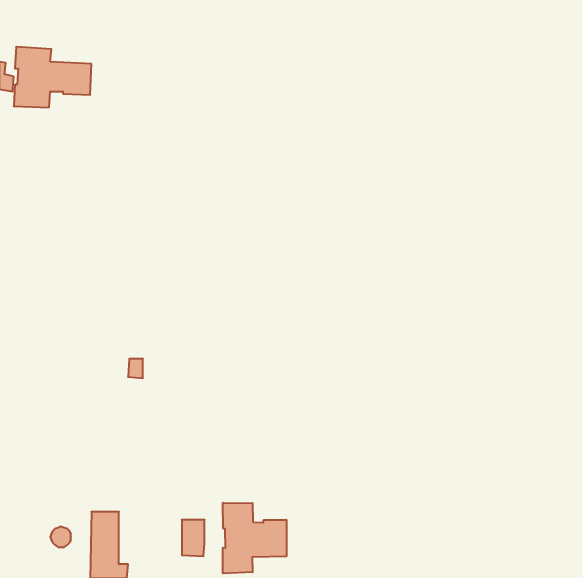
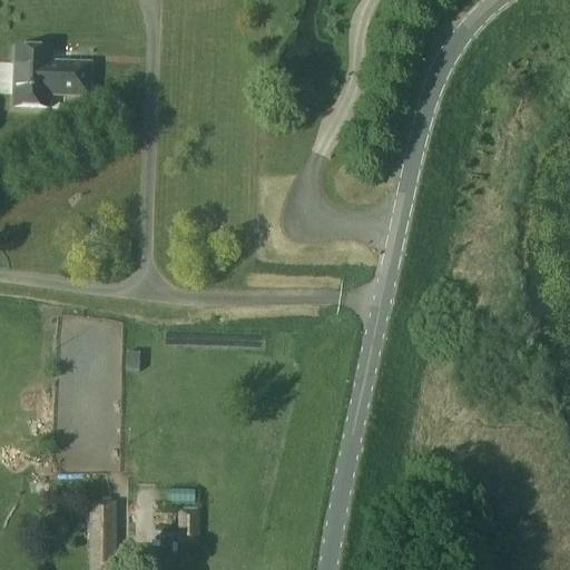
building: [223,503,286,573] -> none

